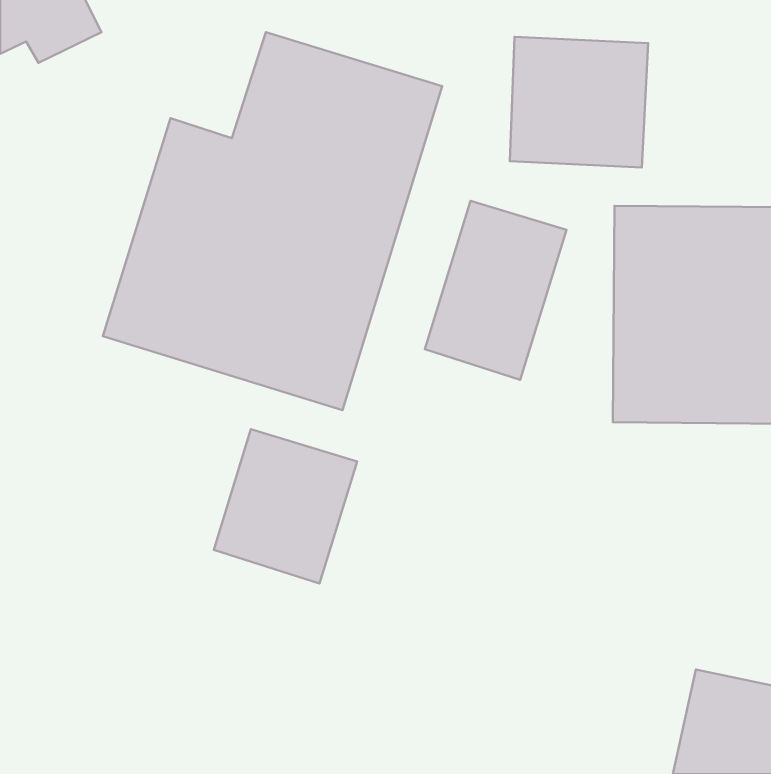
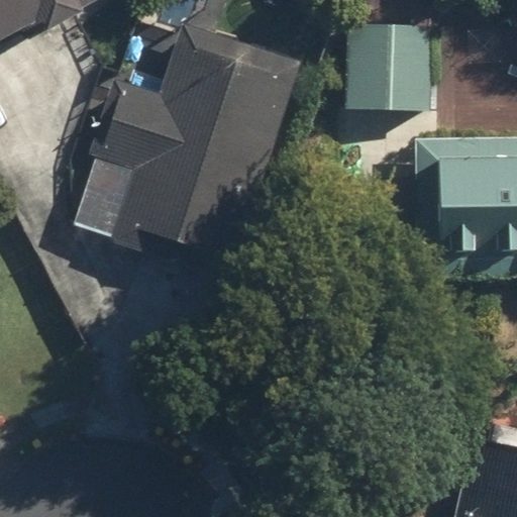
building: [425,201,566,380] -> none
building: [214,429,357,584] -> none

